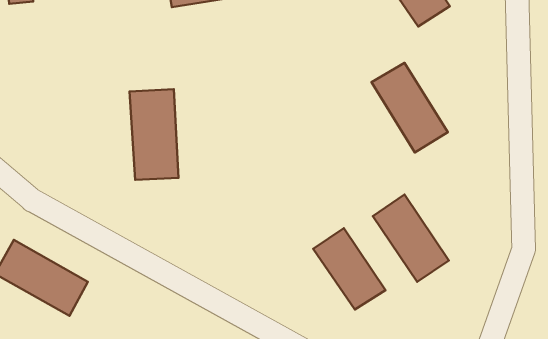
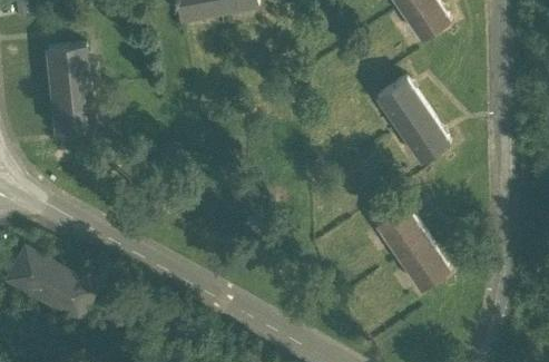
building: [130,89,178,180] -> [45,45,92,134]
building: [313,228,385,310] -> none

